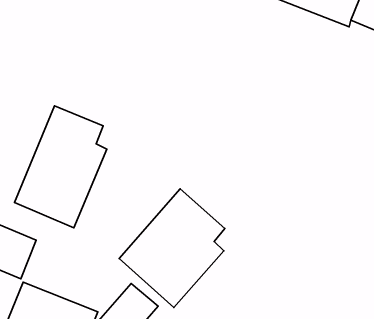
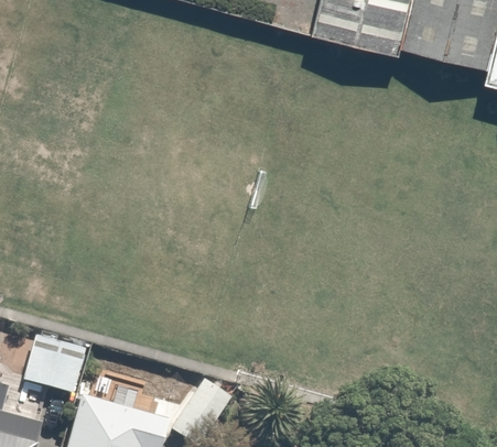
building: [15,106,107,228] -> none
building: [119,189,225,307] -> none

